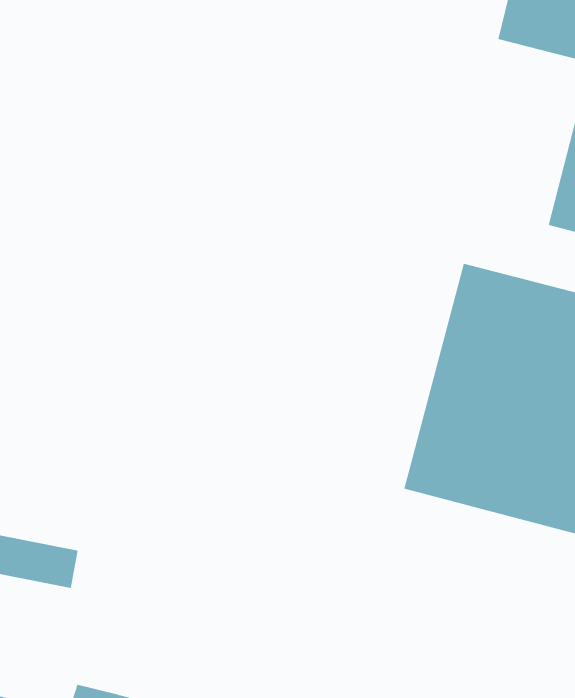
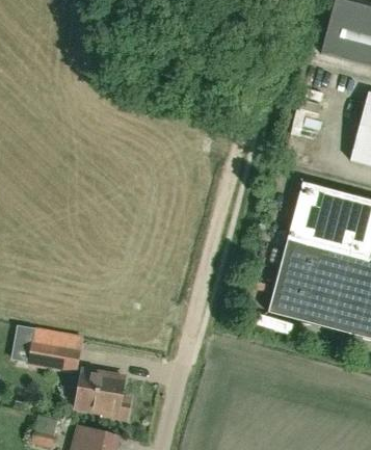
building: none -> [77,367,130,417]

